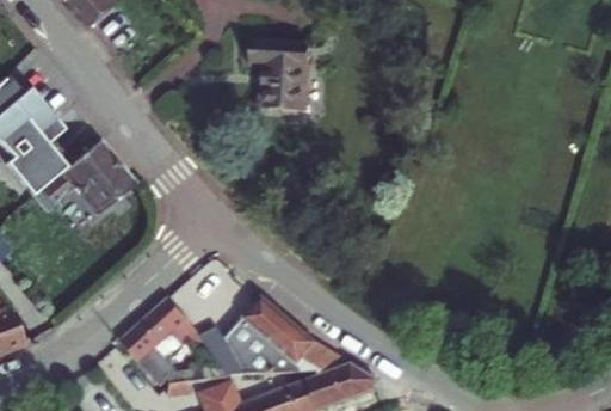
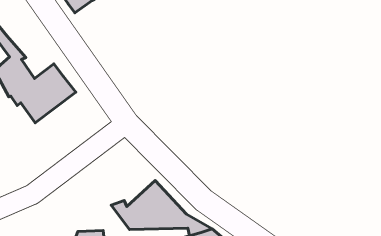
building: [247,59,306,127] -> none
building: [121,297,202,379] -> none

